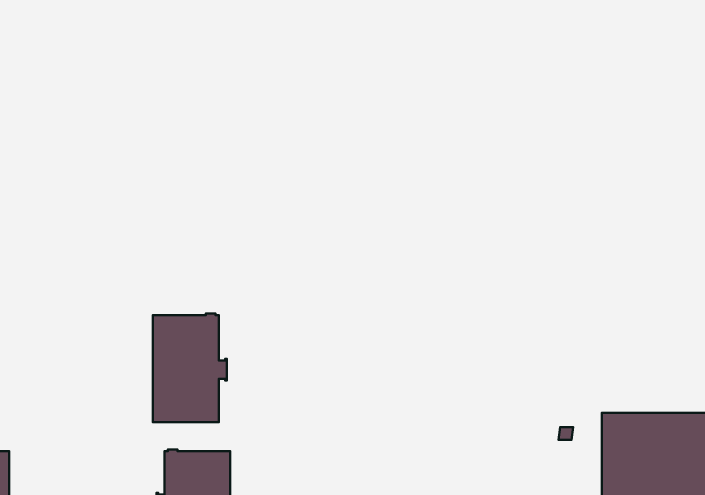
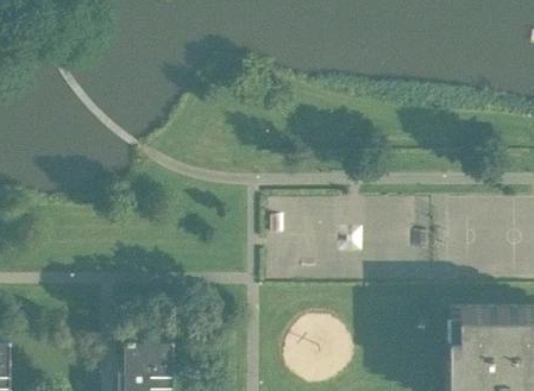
building: [153,314,227,422] -> none

